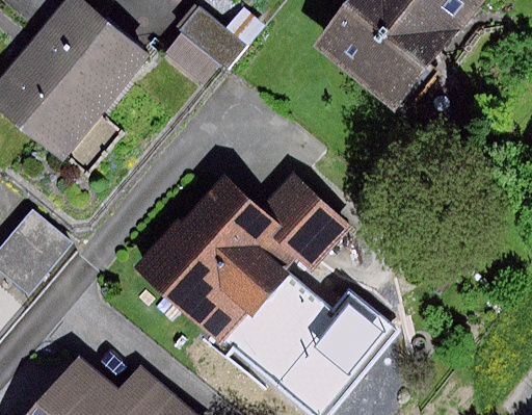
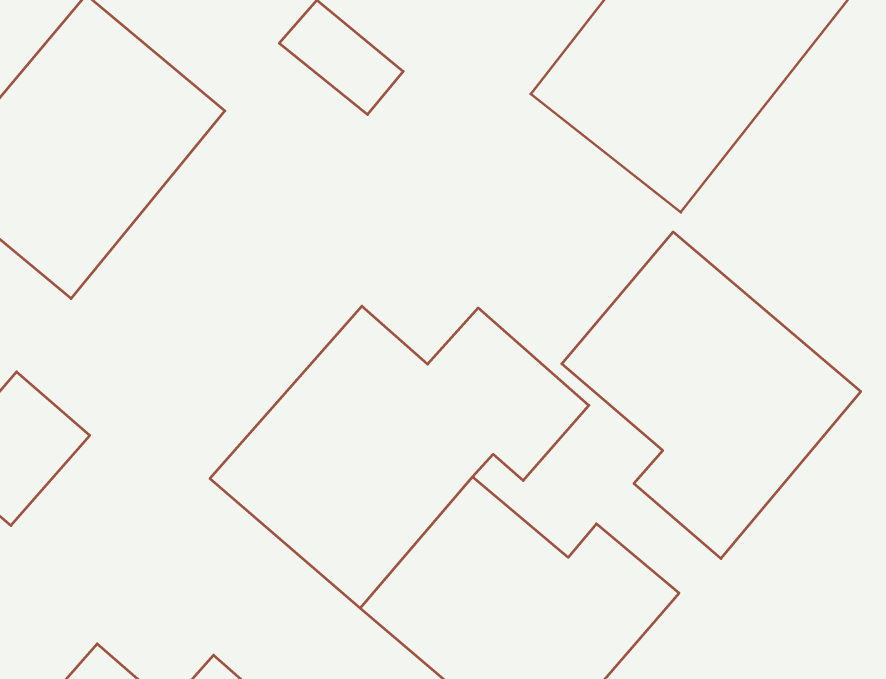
building: none -> [562,232,861,559]

